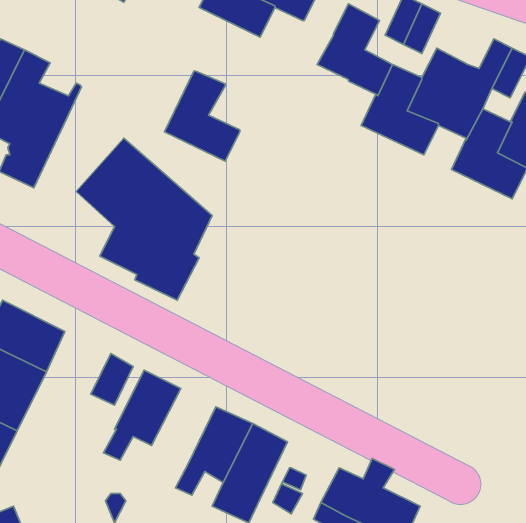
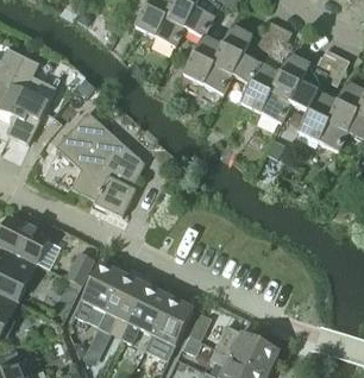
building: [164,71,240,161] -> [183,36,232,94]
building: none -> [90,273,146,347]

